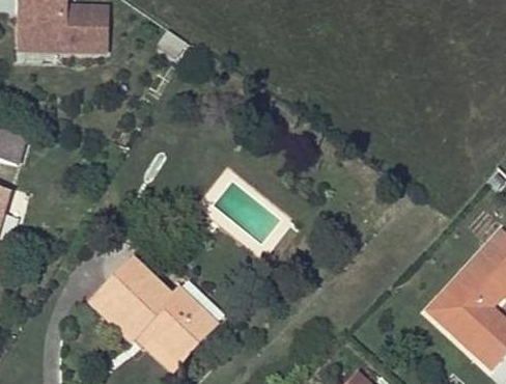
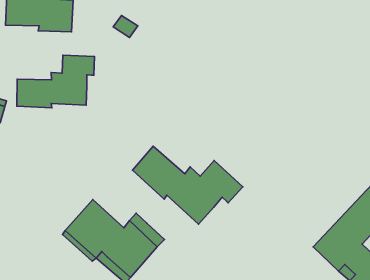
building: none -> [17,55,94,108]
building: none -> [132,146,243,224]

